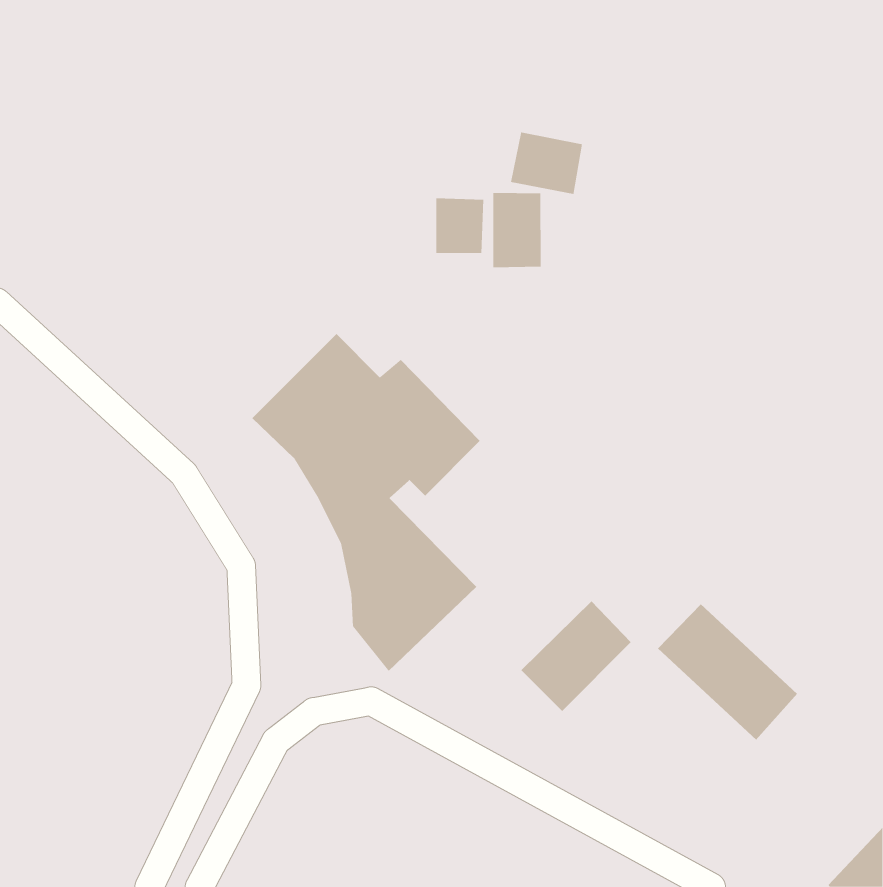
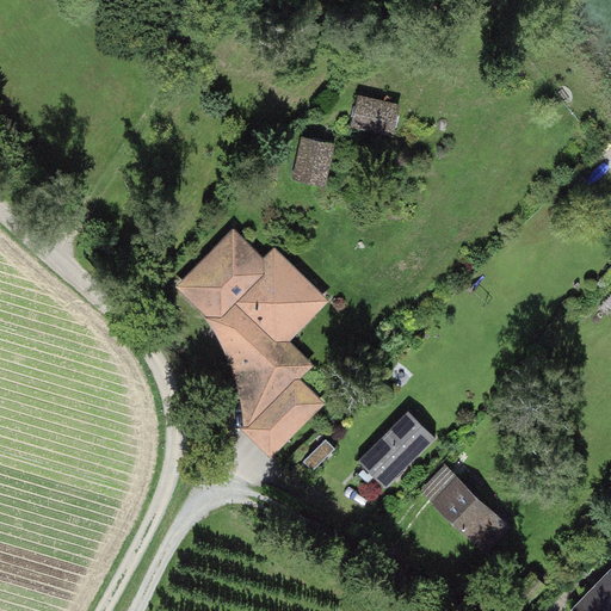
building: [493,192,541,268] -> none
building: [657,604,798,741] -> [416,464,513,558]

